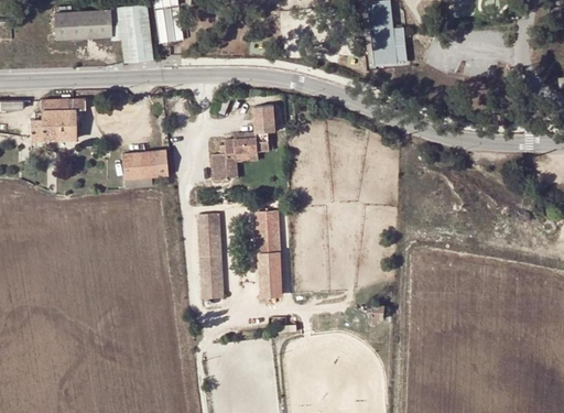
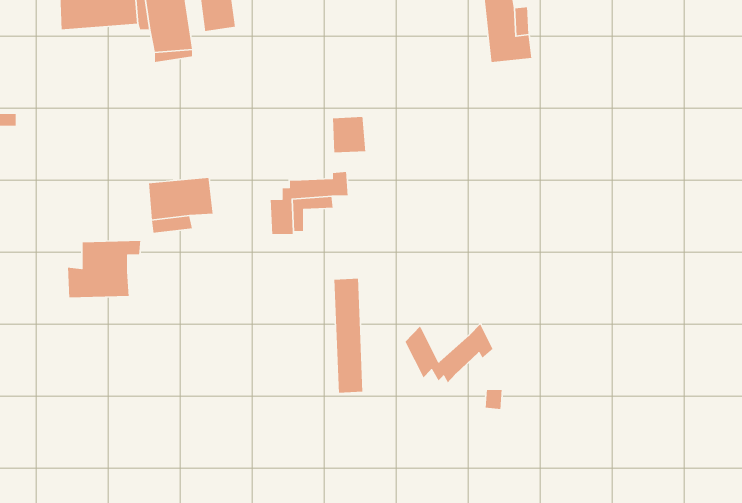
building: [30,94,85,137] -> [67,240,141,298]
building: [198,221,221,306] -> none
building: none -> [404,323,494,383]

